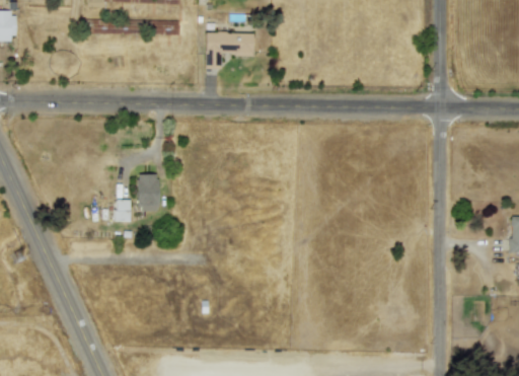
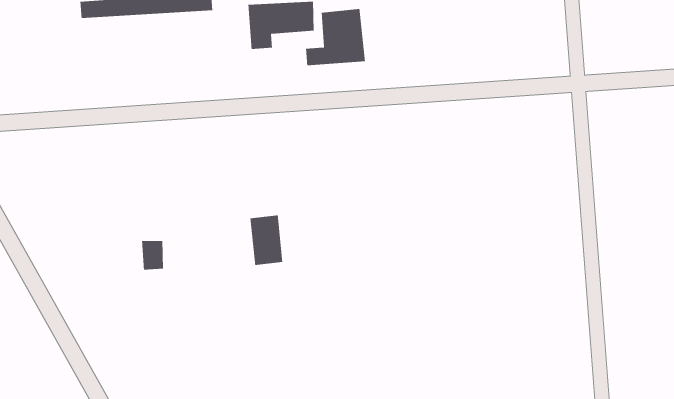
building: none -> [305,8,366,66]
building: [137,173,159,210] -> [250,214,283,266]

